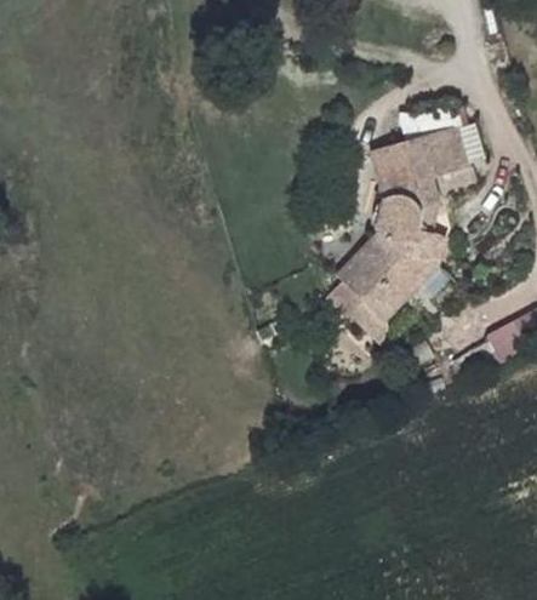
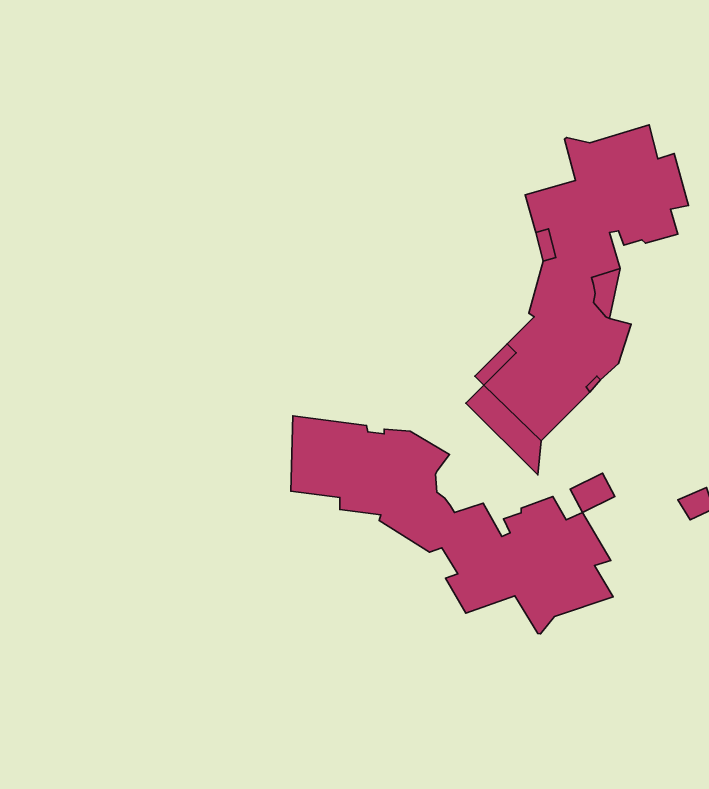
building: none -> [291,416,613,634]

